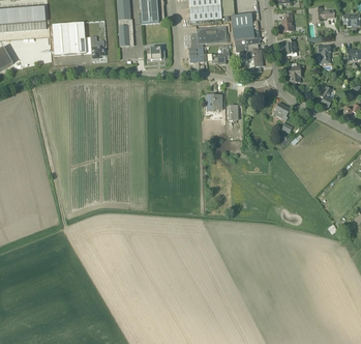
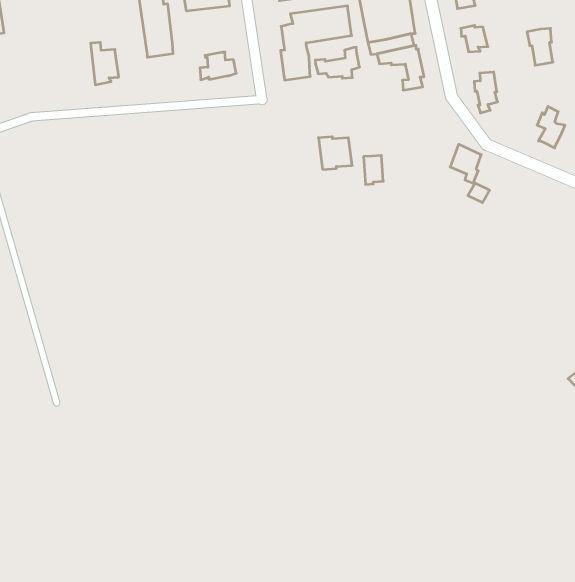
building: [52,22,86,55] -> none

